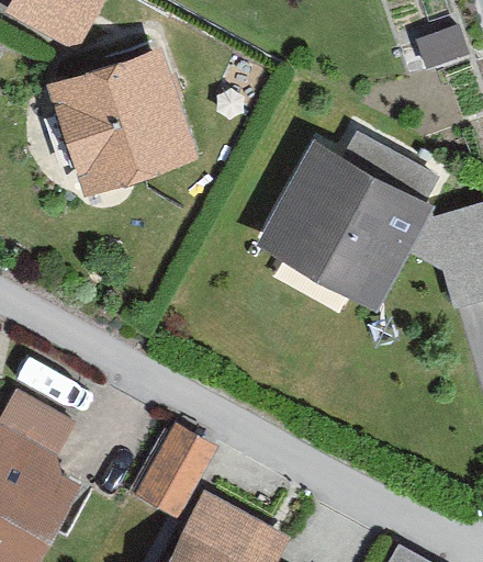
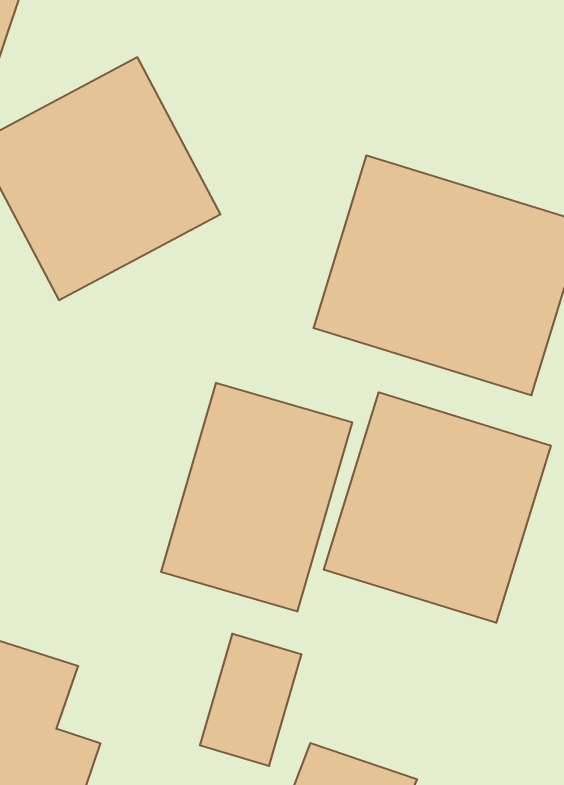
building: none -> [161,383,352,612]
building: none -> [324,392,551,623]

